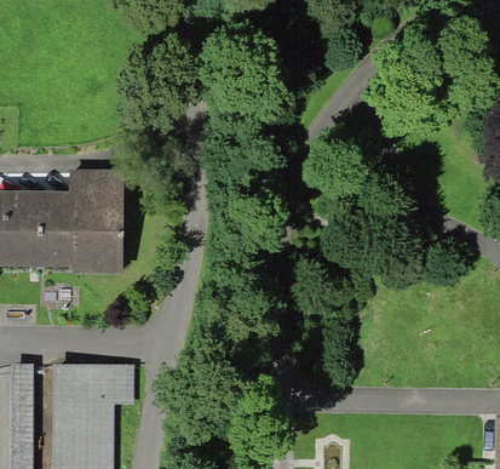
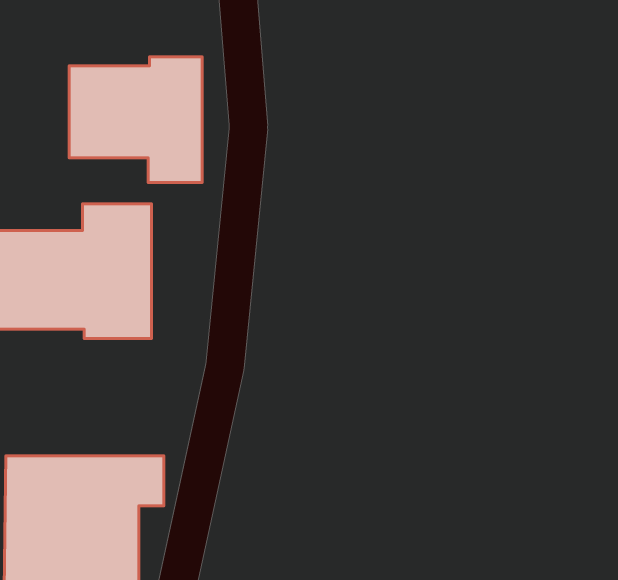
building: none -> [69,57,202,183]

